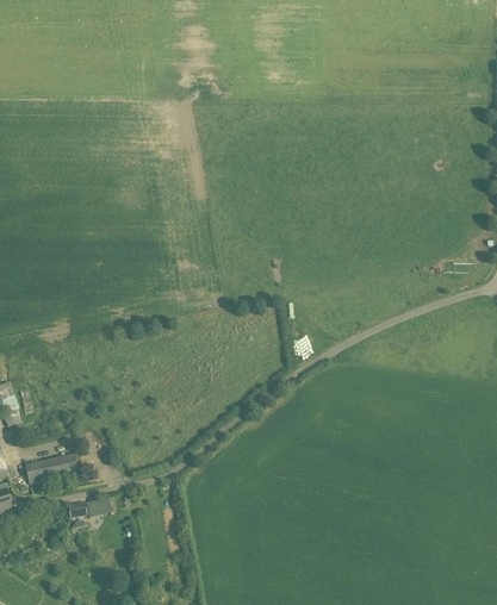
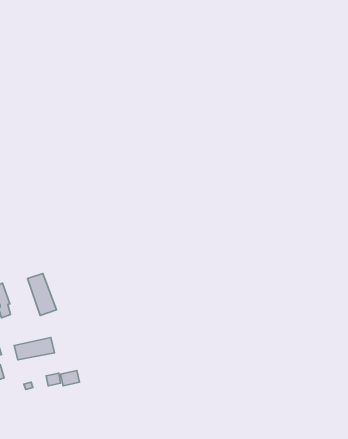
building: none -> [27,274,57,315]

